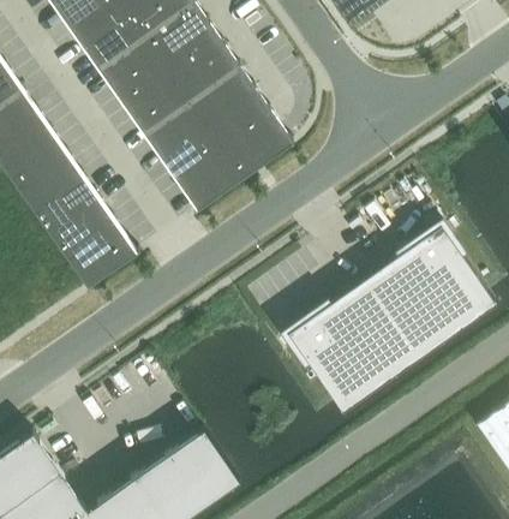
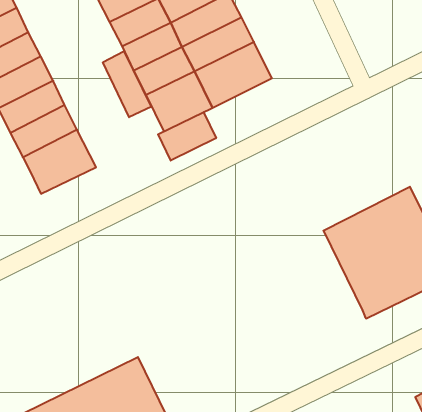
building: none -> [103,51,151,117]
building: none -> [158,112,216,161]
building: [288,281,419,413] -> none

